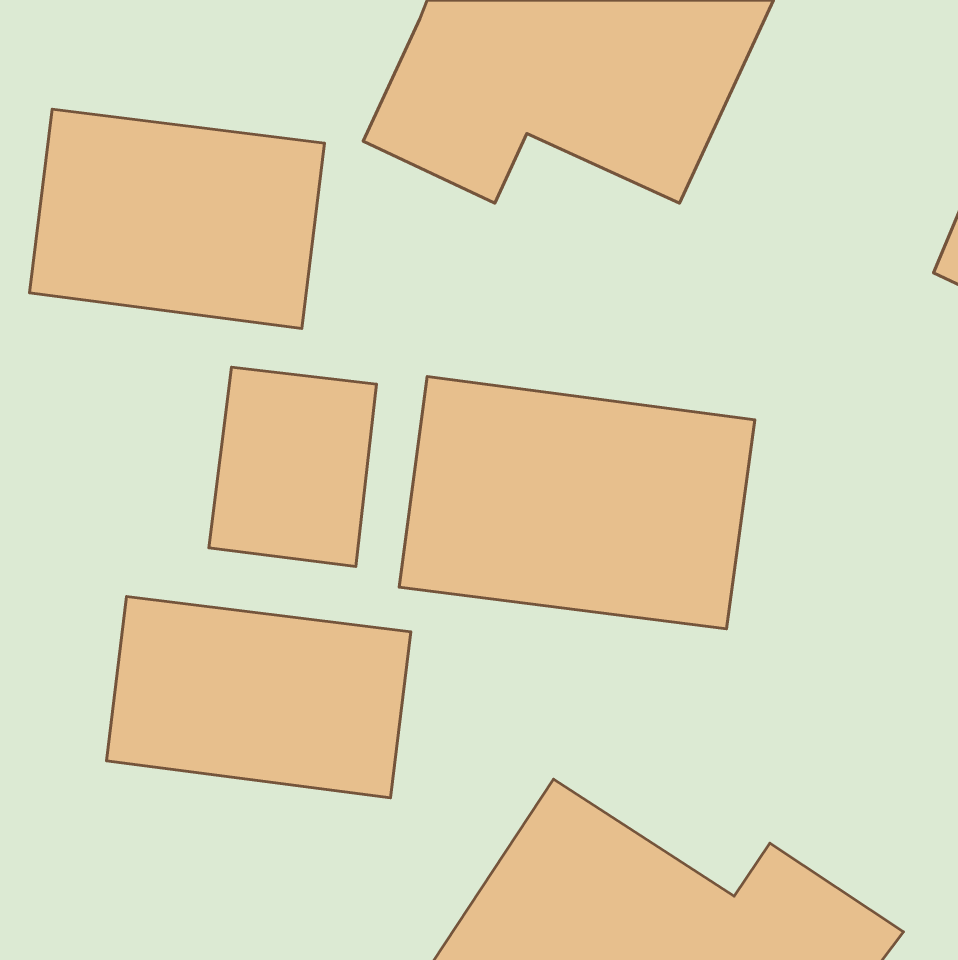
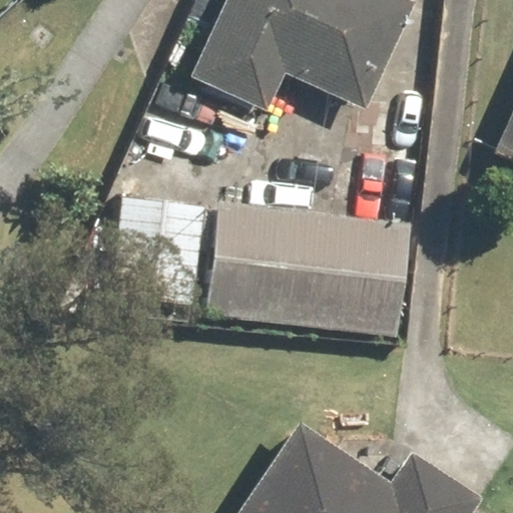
building: [30,109,325,329] -> none
building: [106,596,411,798] -> none

